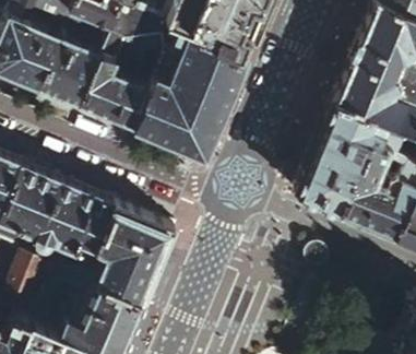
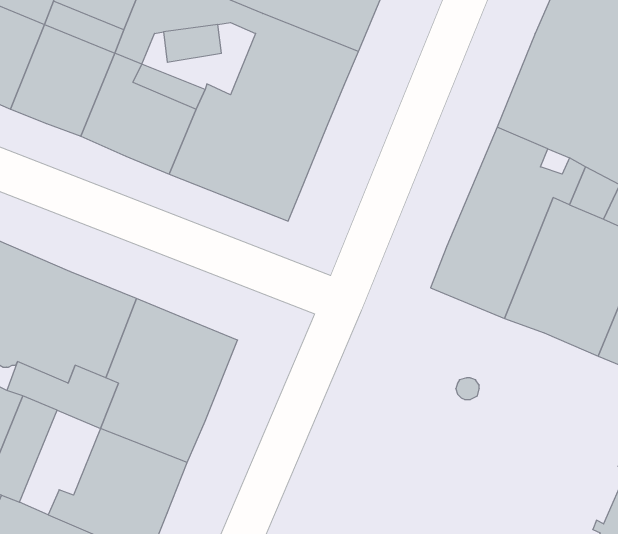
building: [45,275,94,339] -> none

